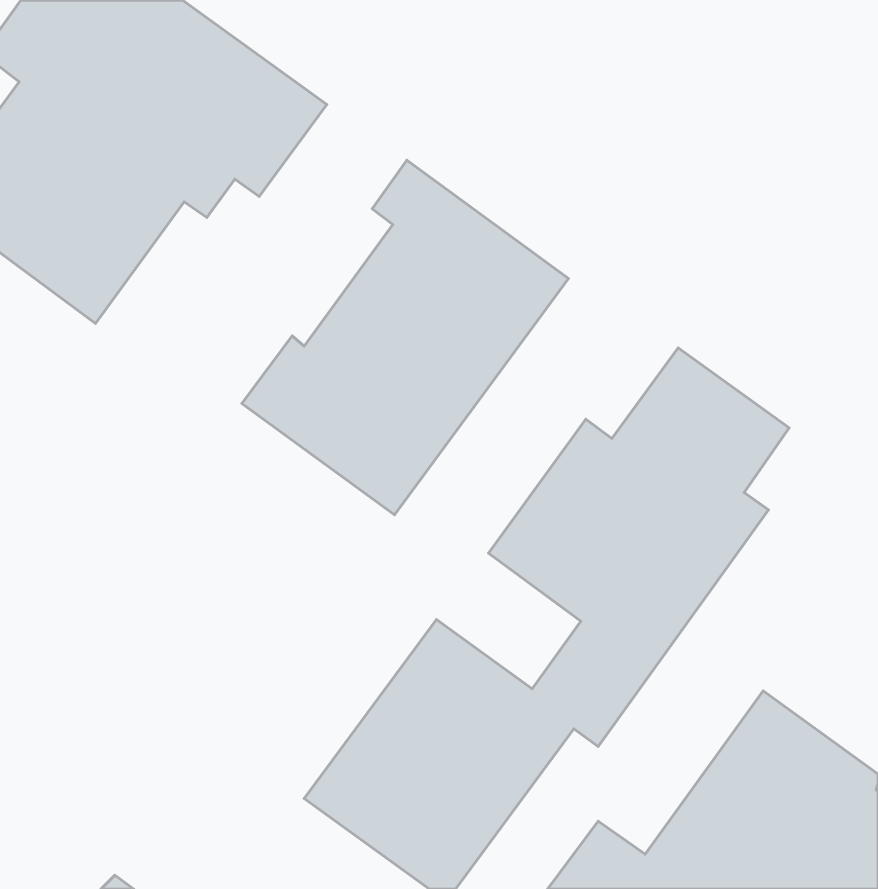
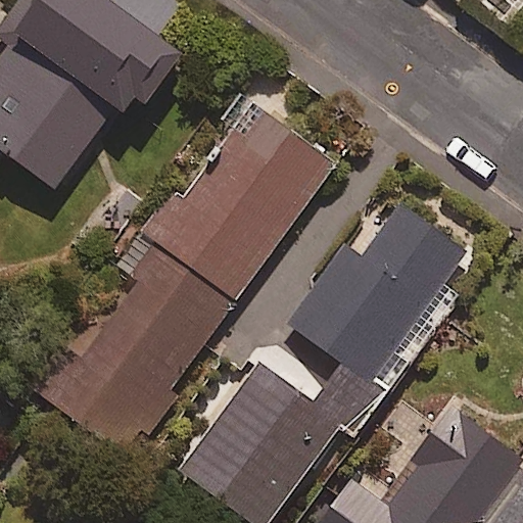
building: none -> [29,233,232,458]

